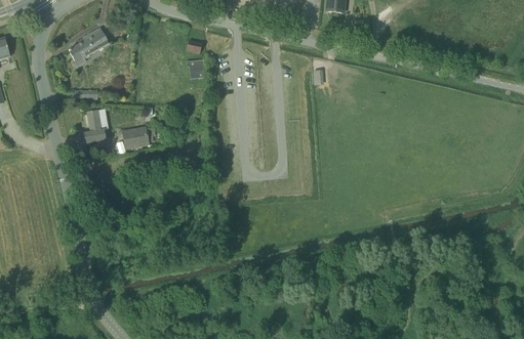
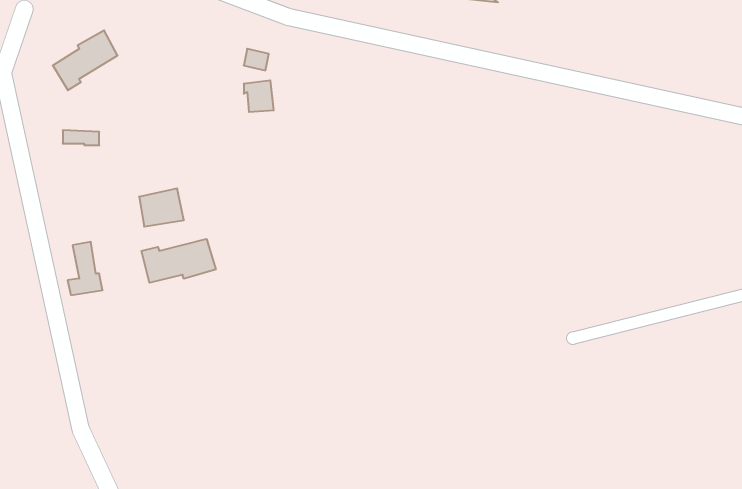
building: [84,109,106,141] -> [68,242,103,295]
building: none -> [141,239,216,283]

